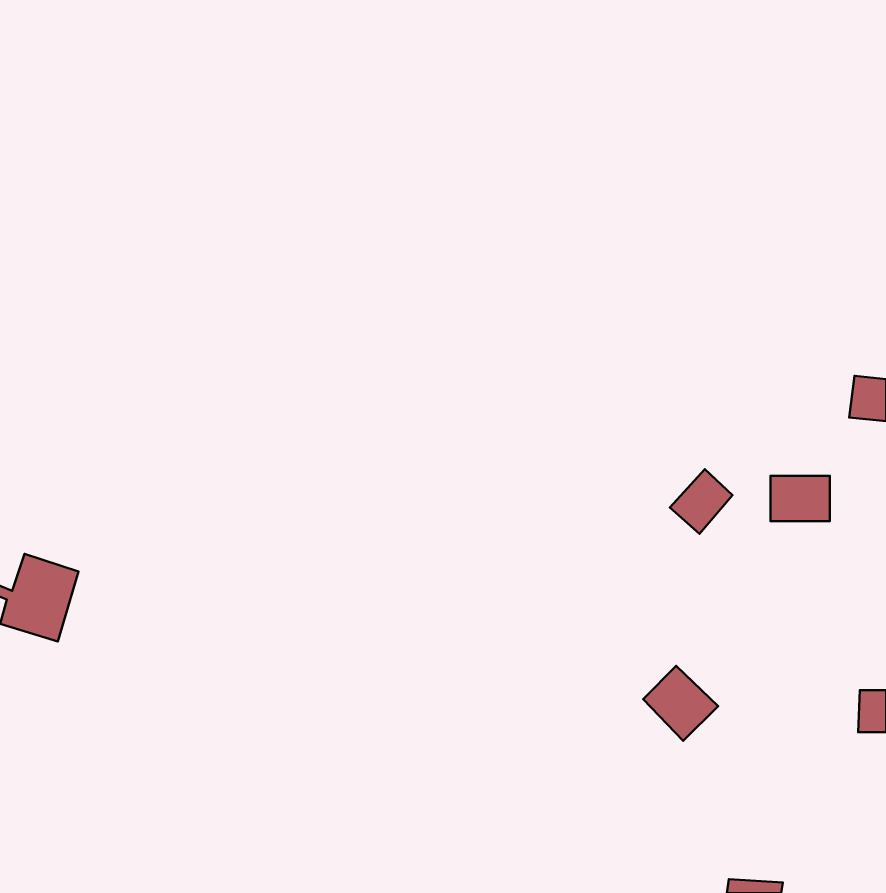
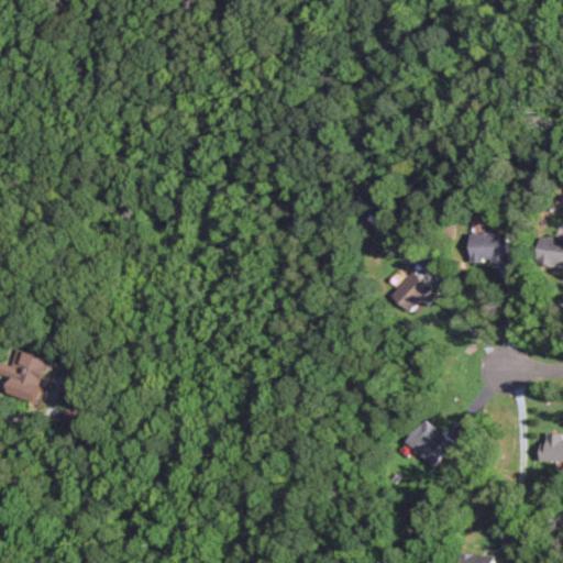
building: [670,469,733,534] -> [389,272,429,312]
building: [770,476,830,521] -> [468,233,506,262]

